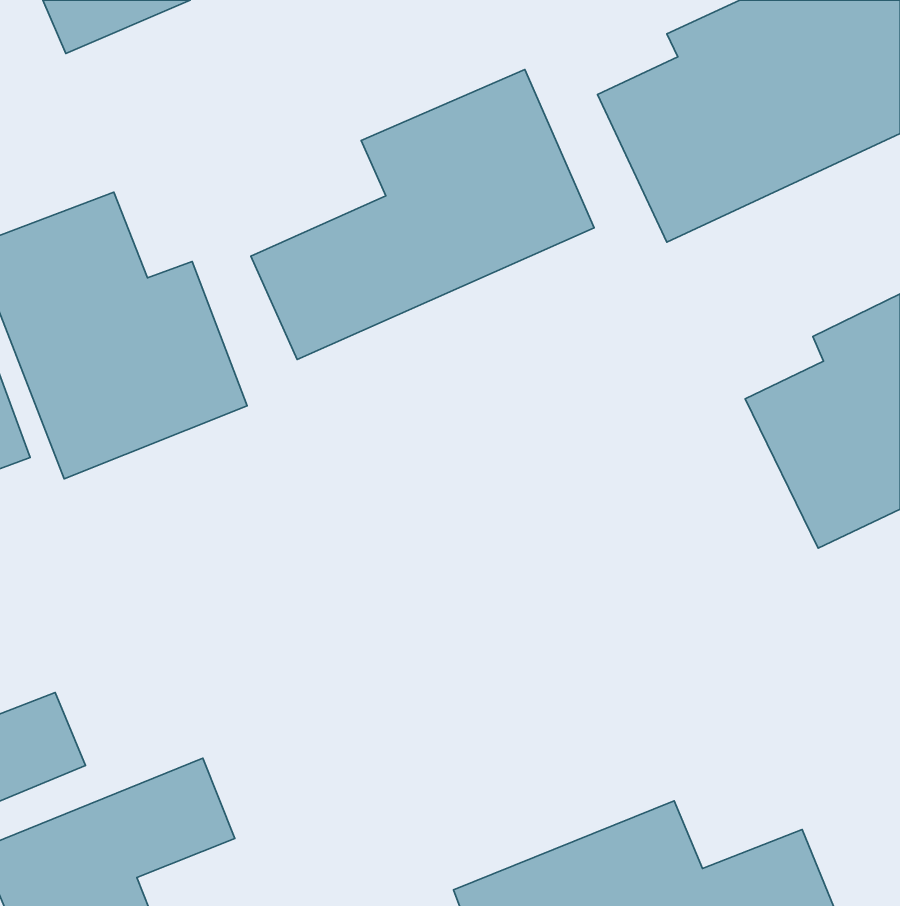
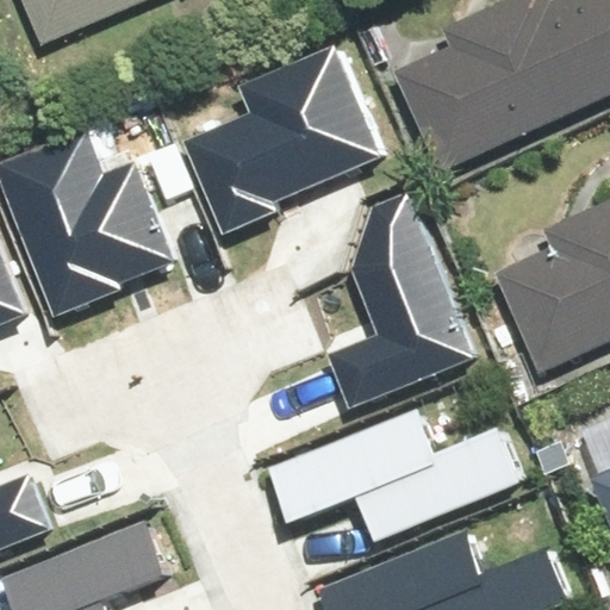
building: none -> [334,186,473,398]
building: none -> [273,412,529,546]

